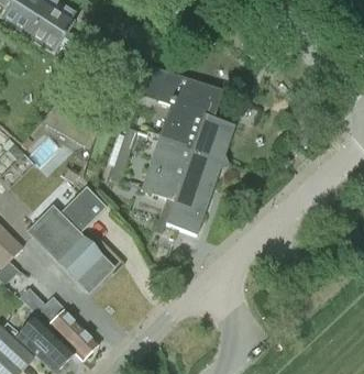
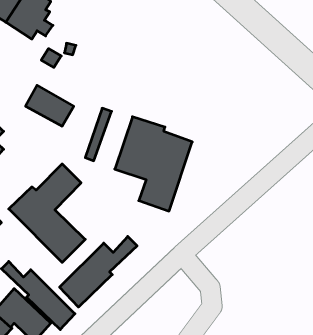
building: [140,65,235,162] -> none
building: none -> [60,236,137,307]

